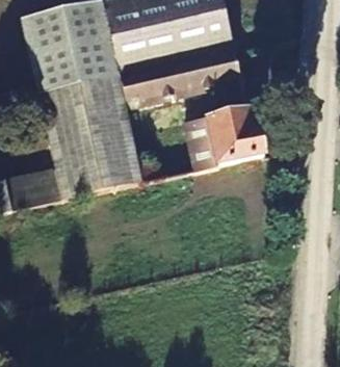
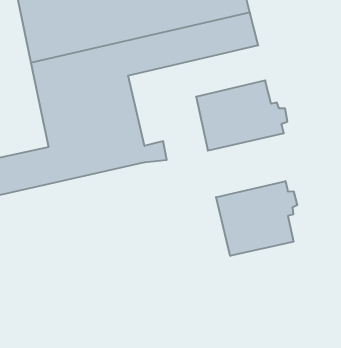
building: none -> [216,181,297,256]

